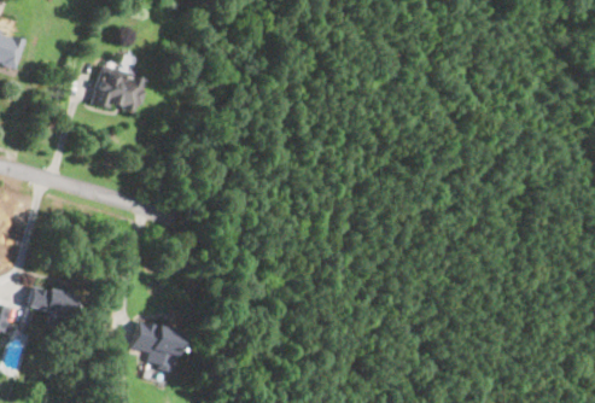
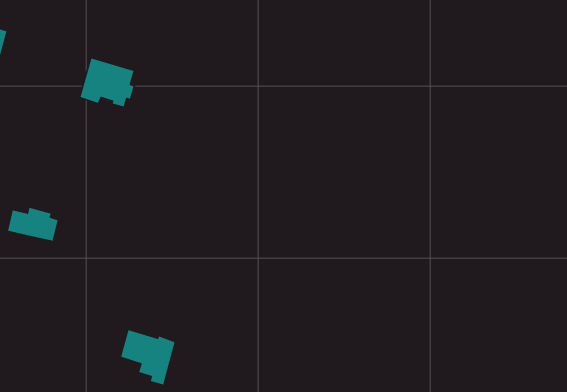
building: [27,285,75,317] -> [7,207,58,241]

